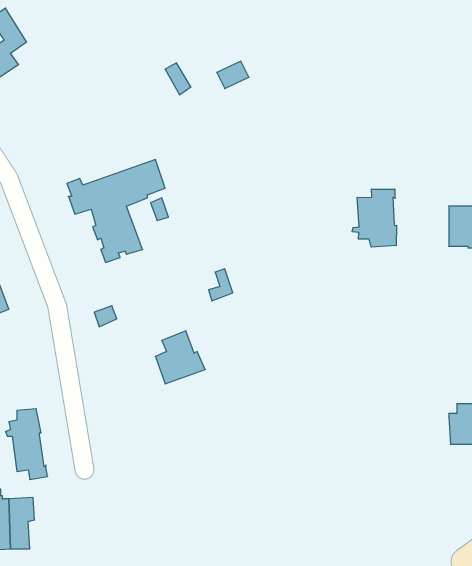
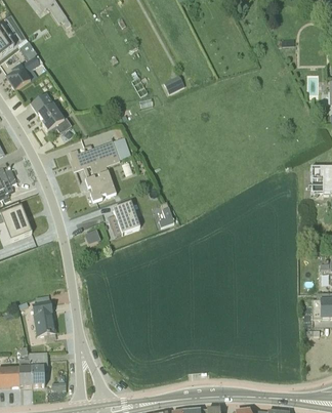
building: none -> [31,93,72,133]
building: [352,189,397,247] -> none
building: [155,331,205,384] -> [109,202,140,236]

